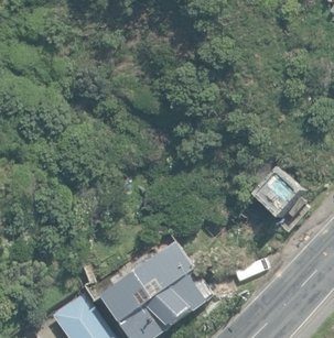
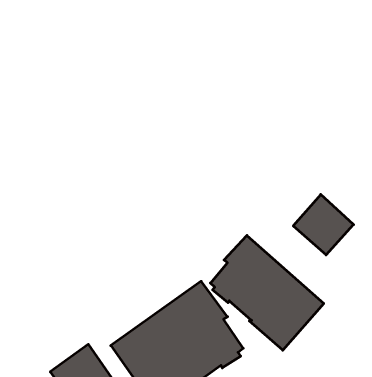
building: none -> [210,235,324,350]

